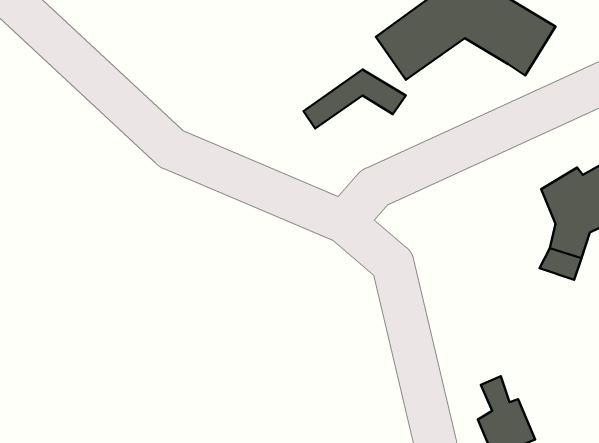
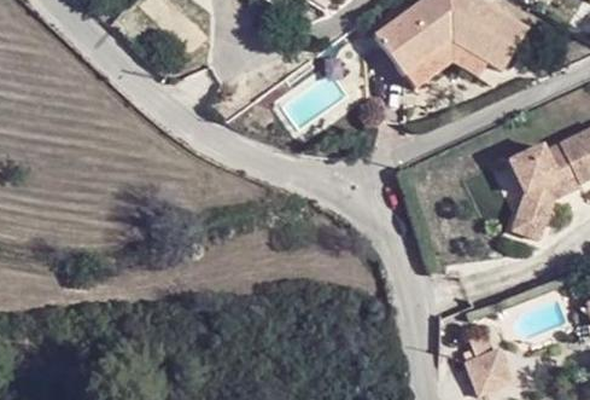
building: [304,69,406,128] -> [401,37,486,87]

